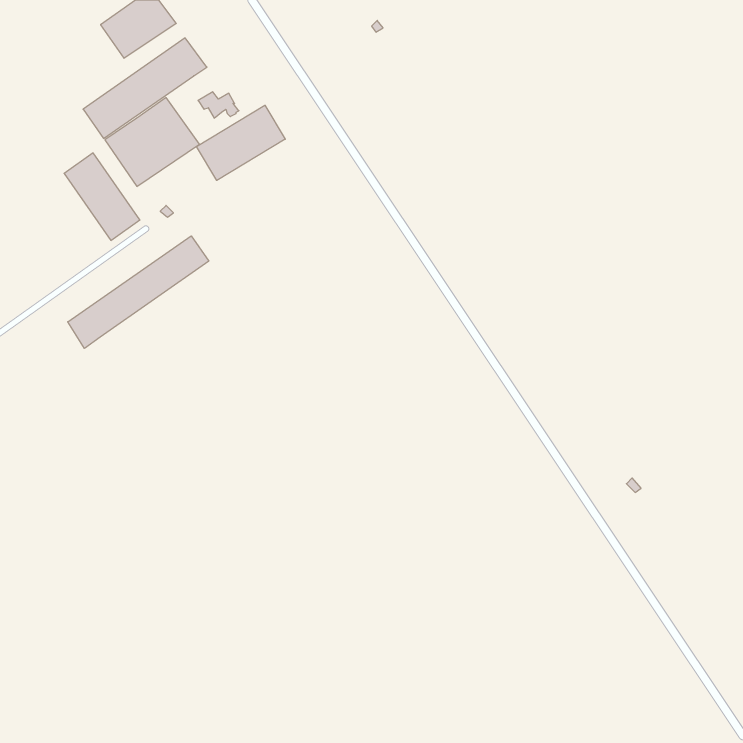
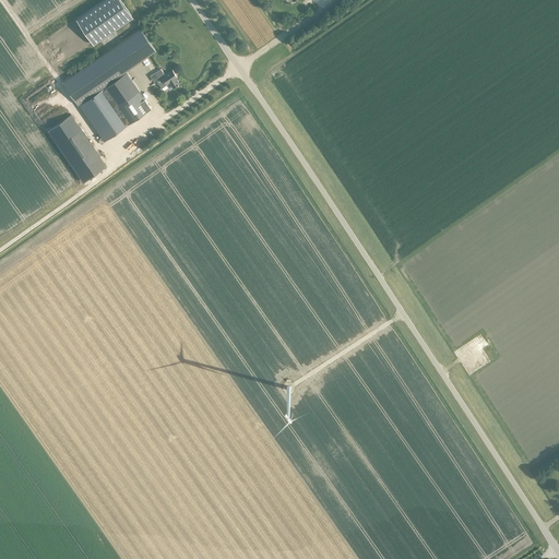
building: [196,105,285,180] -> none
building: [68,236,209,348] -> none

